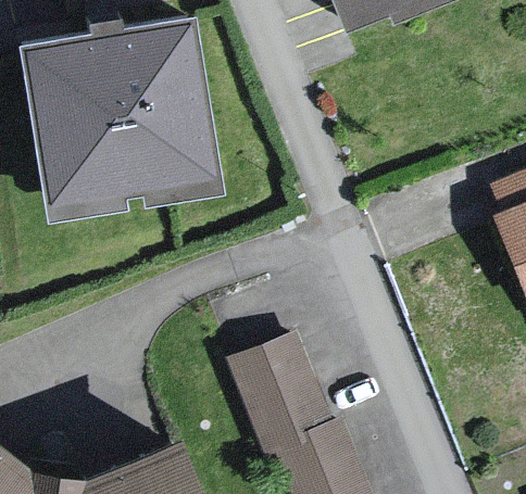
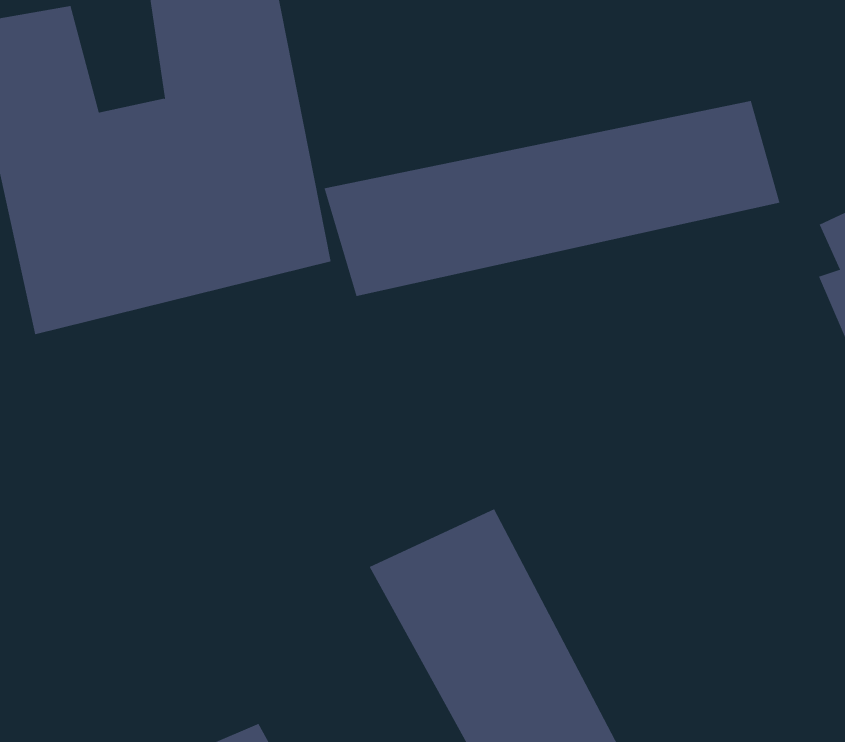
building: none -> [324,100,780,297]

